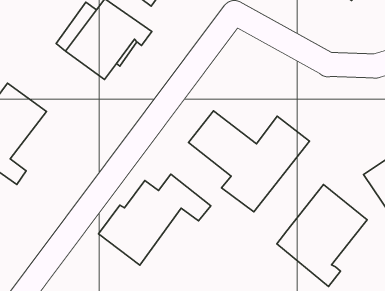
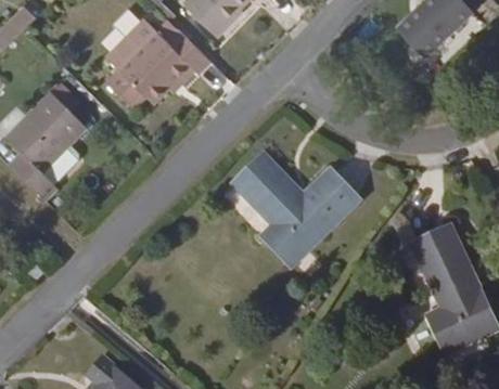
building: [98,174,211,265] -> none
building: [277,184,367,287] -> none

